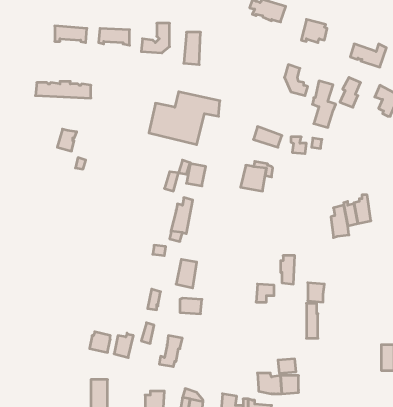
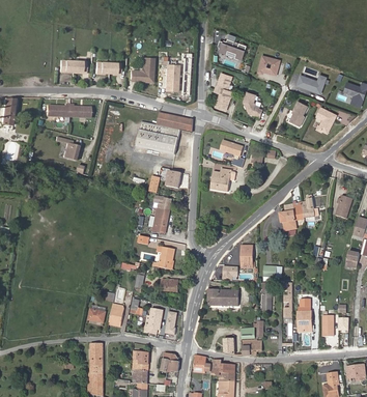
building: [312,81,336,127] -> [216,73,234,110]
building: none -> [206,289,238,305]
building: none -> [297,300,312,332]

